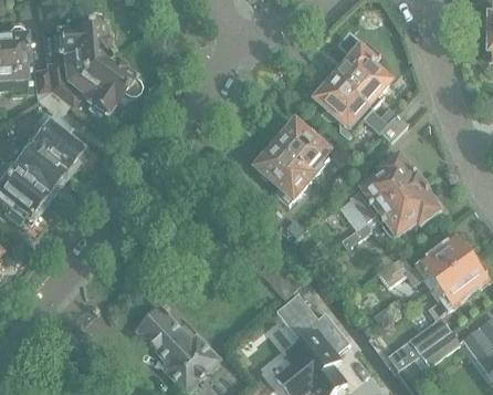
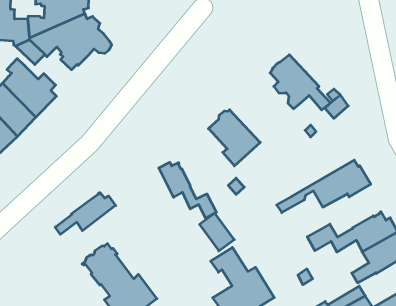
building: [335,39,392,105] -> none
building: [276,119,333,174] -> none
building: [347,156,419,220] -> none
building: none -> [159,162,216,218]
building: none -> [55,193,116,234]

